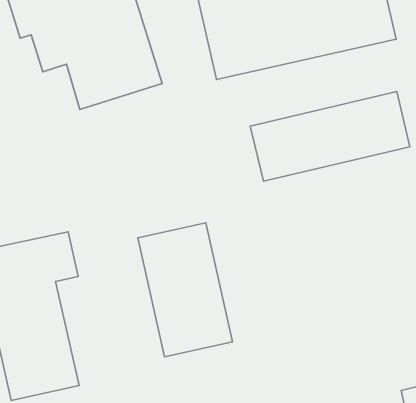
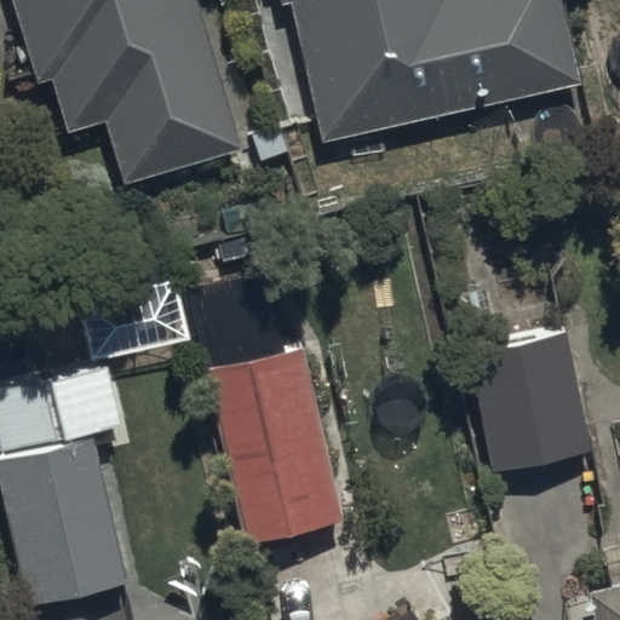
building: [250,92,410,181] -> none
building: none -> [463,325,593,471]

